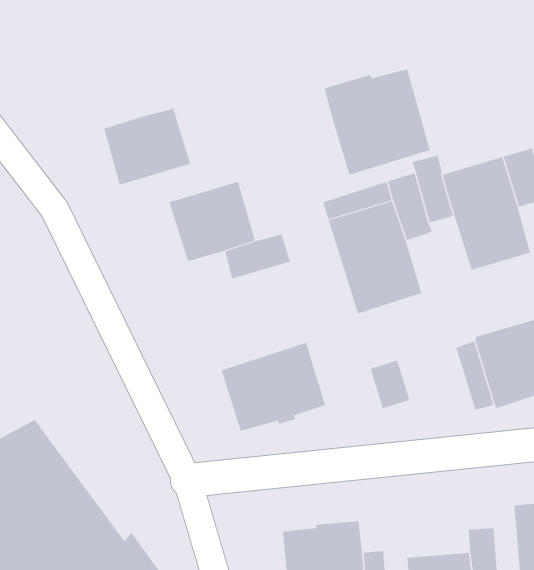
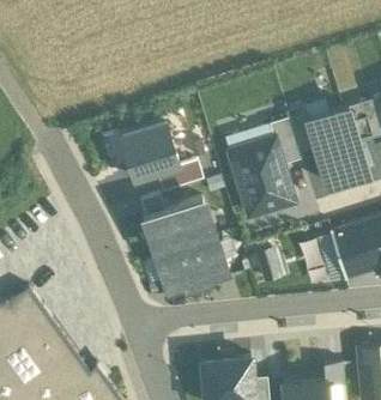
building: [324,68,431,176] -> none
building: [104,108,191,186] -> none
building: none -> [140,193,214,254]

